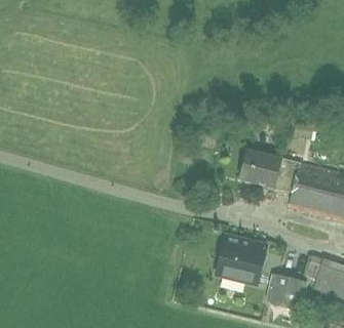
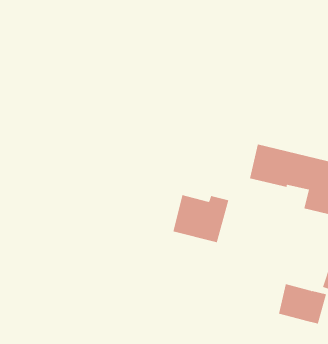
building: [218,241,268,284] -> [172,194,229,243]

